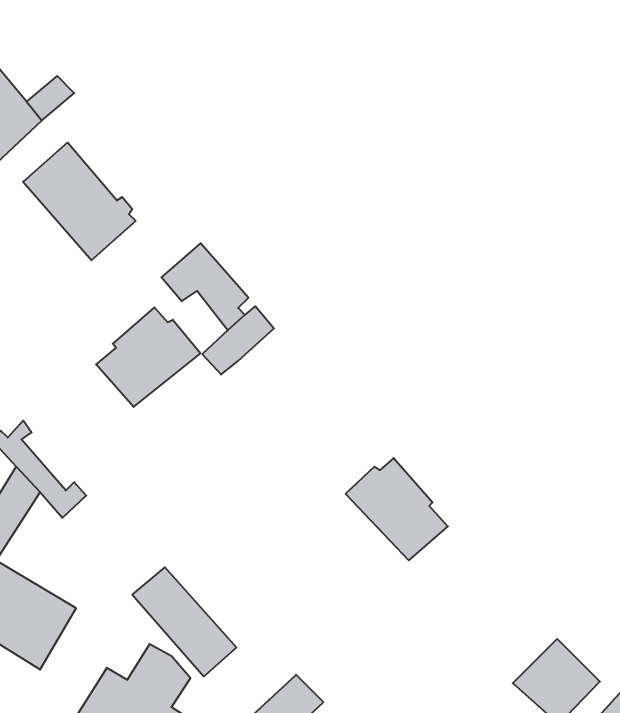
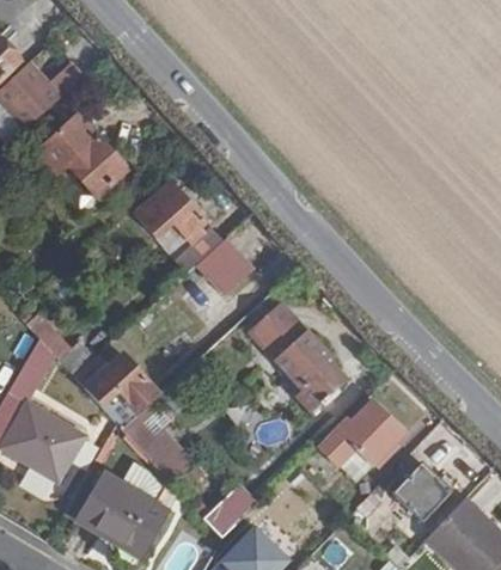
building: [96,307,200,407] -> none
building: none -> [196,238,253,295]
building: none -> [251,309,305,360]
building: none -> [85,356,159,430]
building: none -> [313,404,402,468]

